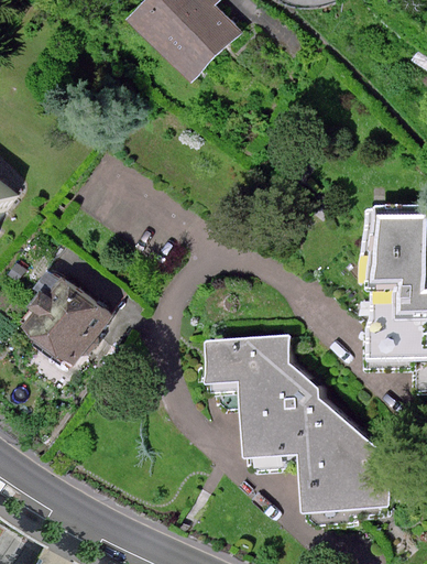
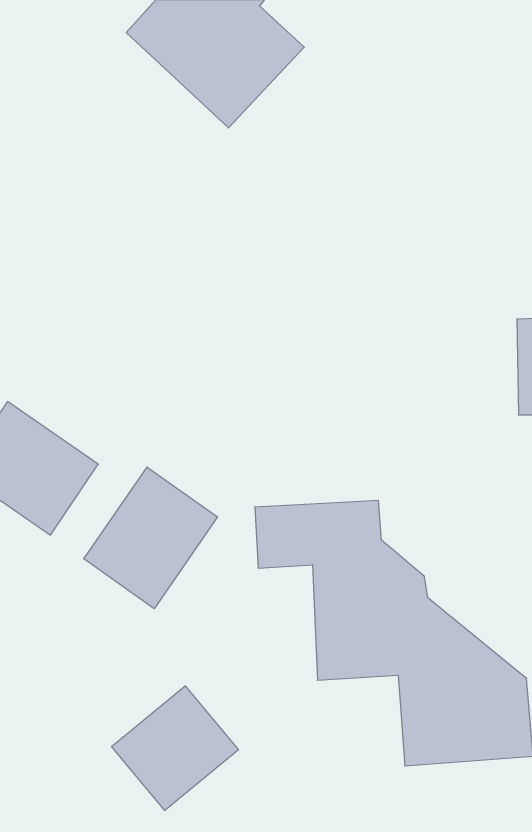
building: none -> [84,467,218,609]
building: none -> [112,686,238,810]

